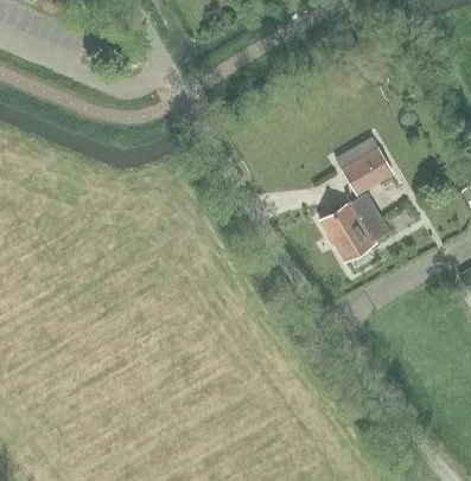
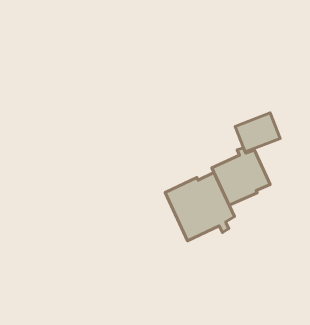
building: none -> [165,172,235,241]

